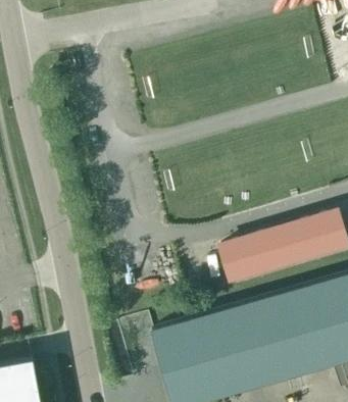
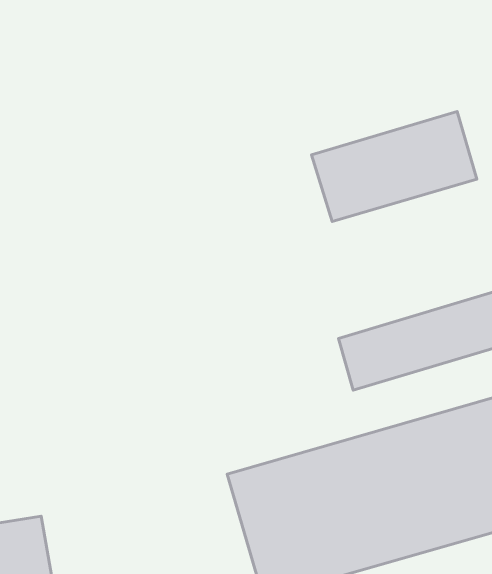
building: none -> [312,112,477,222]

